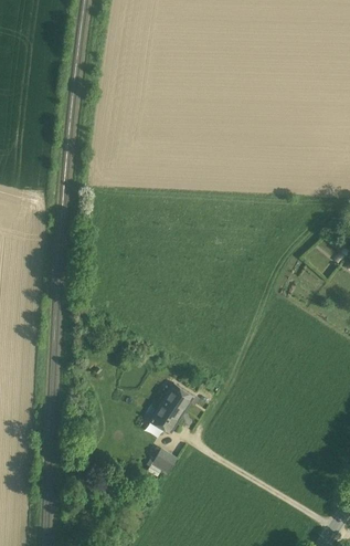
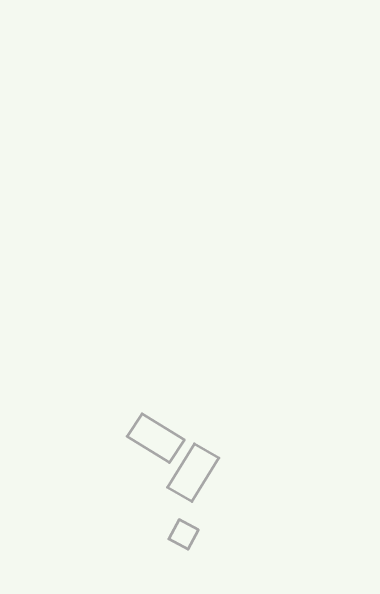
building: none -> [127,414,184,463]

